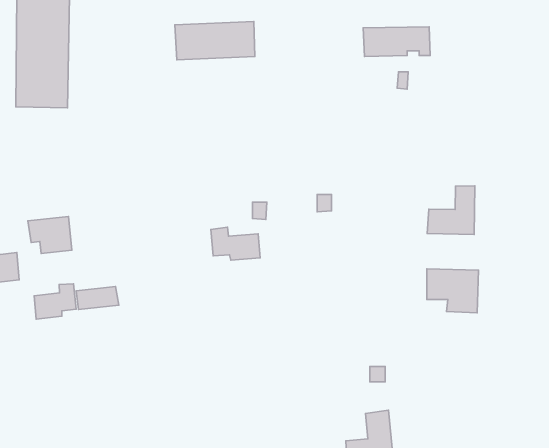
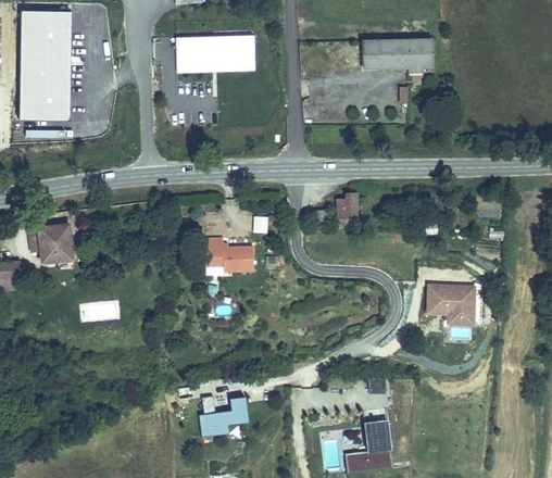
building: none -> [339,190,359,224]
building: [427,186,475,235] -> none
building: [34,284,76,319] -> none
building: none -> [200,395,249,433]

